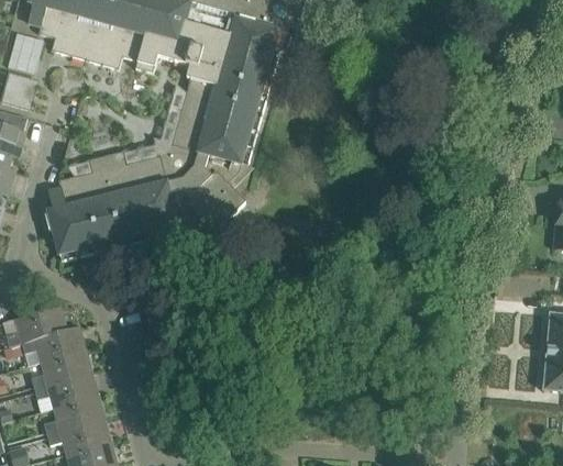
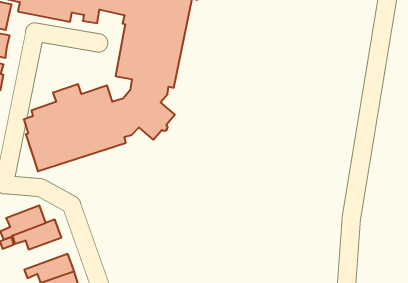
building: [30,348,91,387] -> none

